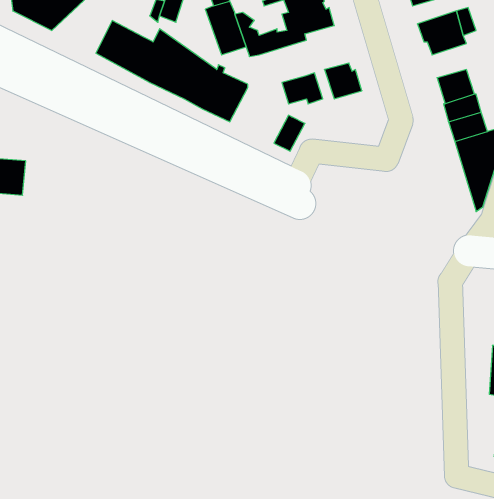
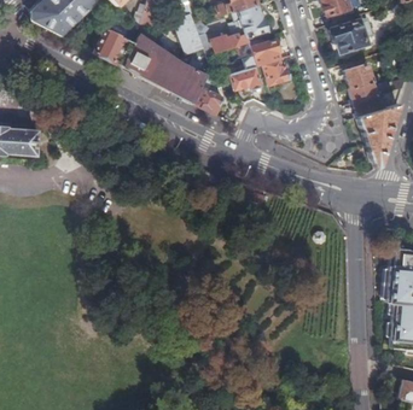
building: none -> [244,37,280,68]
building: none -> [192,76,223,112]

